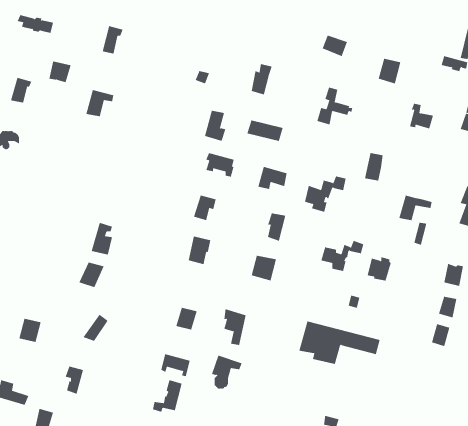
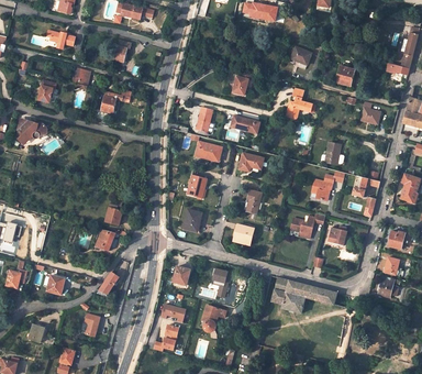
building: [304,176,347,213] -> [310,171,344,200]

